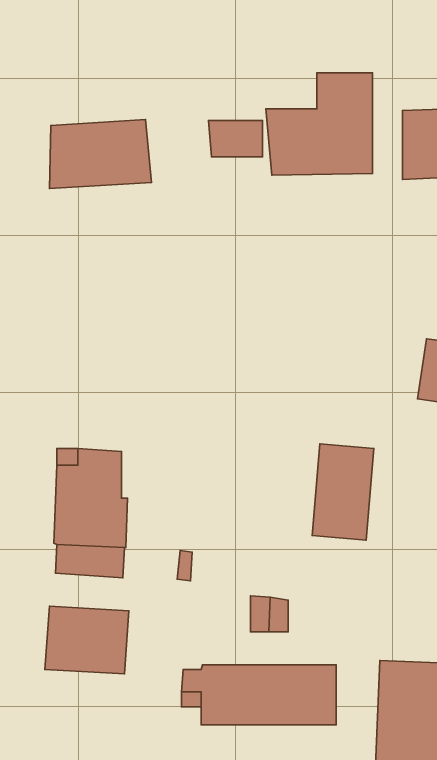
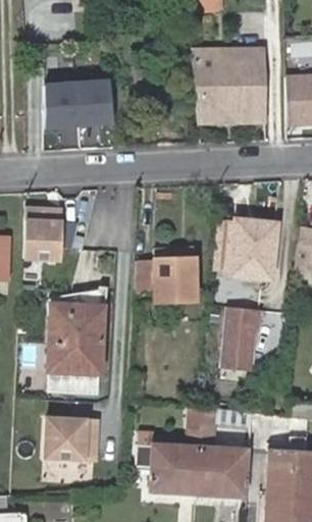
building: [208,121,262,157] -> [192,51,228,75]
building: none -> [24,204,65,259]
building: none -> [230,220,277,279]
building: none -> [135,249,195,301]

